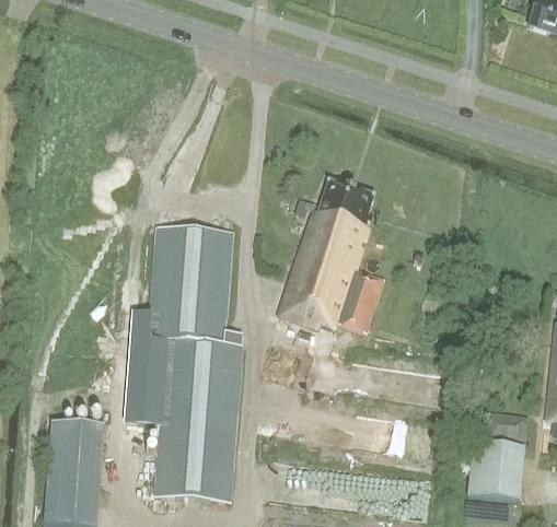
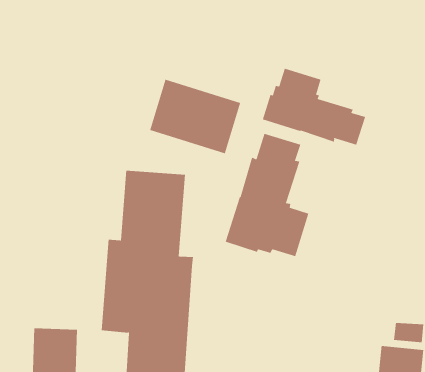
building: none -> [262,68,366,145]
building: none -> [149,79,241,154]

